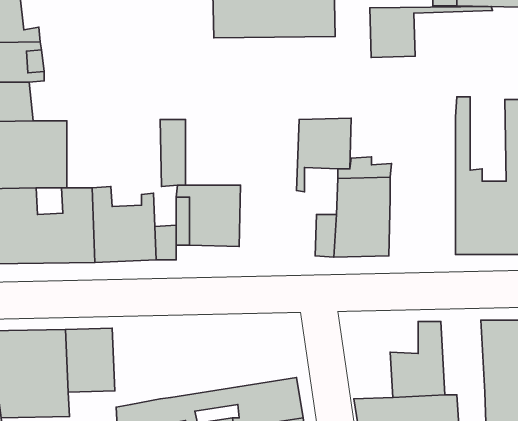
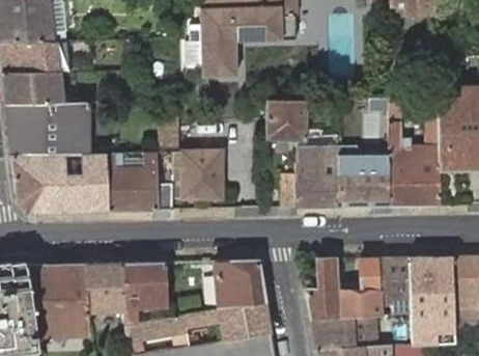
building: [370,7,493,57] -> [201,36,297,76]
building: none -> [337,162,389,207]
building: none -> [377,256,412,314]
building: none -> [305,258,340,318]
building: none -> [215,259,265,308]
building: none -> [122,262,167,324]

